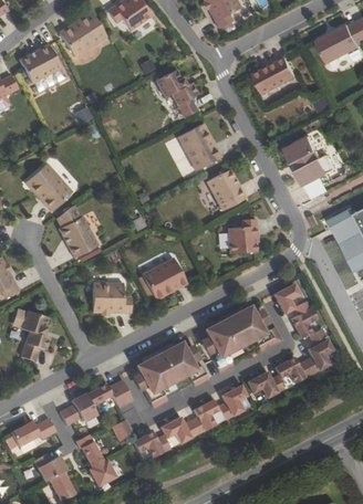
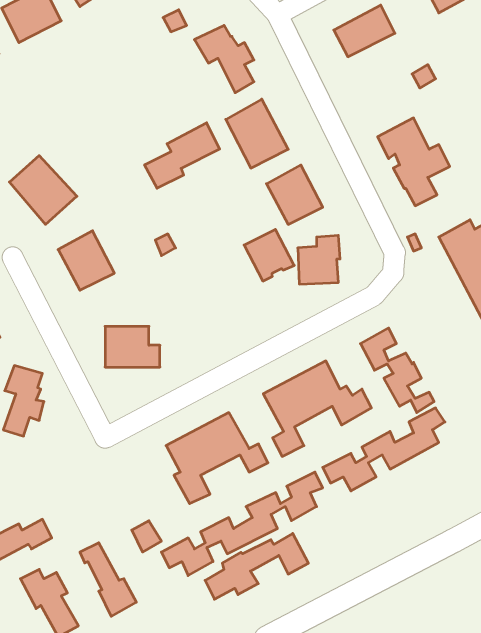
building: none -> [145,123,220,188]
building: [152,258,187,294] -> [244,229,294,281]
building: [58,380,131,427] -> [205,533,308,599]

